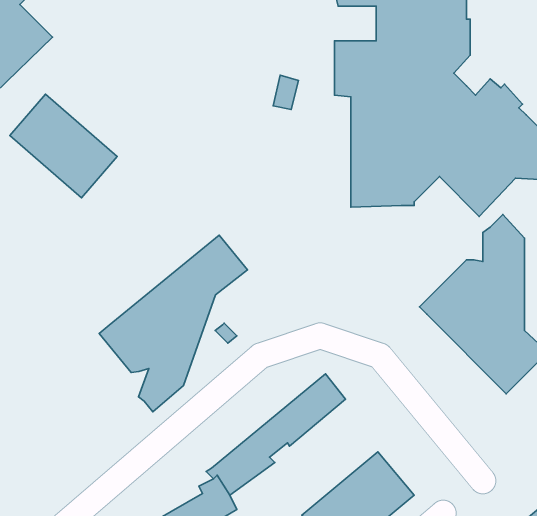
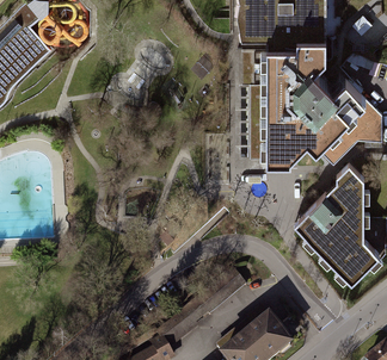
building: [10,94,117,198] -> none
building: [99,235,247,412] -> none

